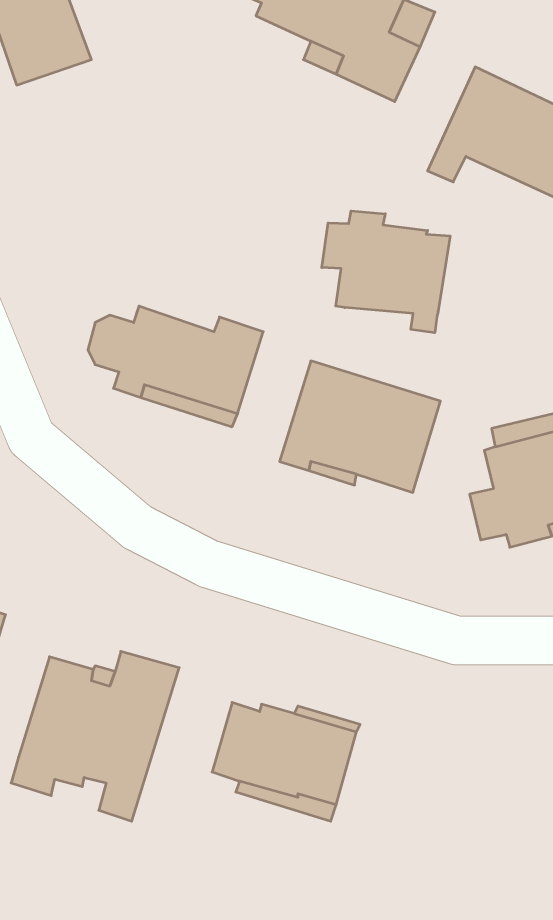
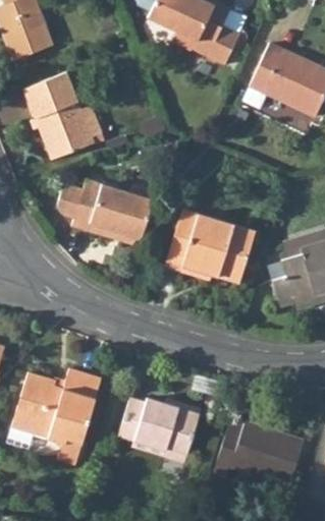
building: none -> [22,66,92,155]
building: [322,211,450,333] -> none
building: none -> [216,419,307,485]

